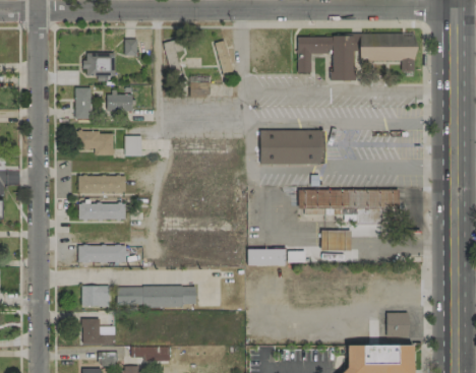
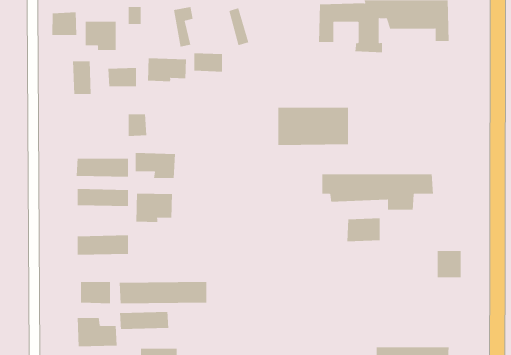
building: none -> [52,11,77,36]
building: none -> [147,57,186,82]
building: [77,132,114,156] -> [135,153,176,179]
building: none -> [136,193,172,223]
building: [247,249,305,265] -> none
building: [386,313,409,337] -> [437,251,462,278]
building: none -> [120,311,169,330]

